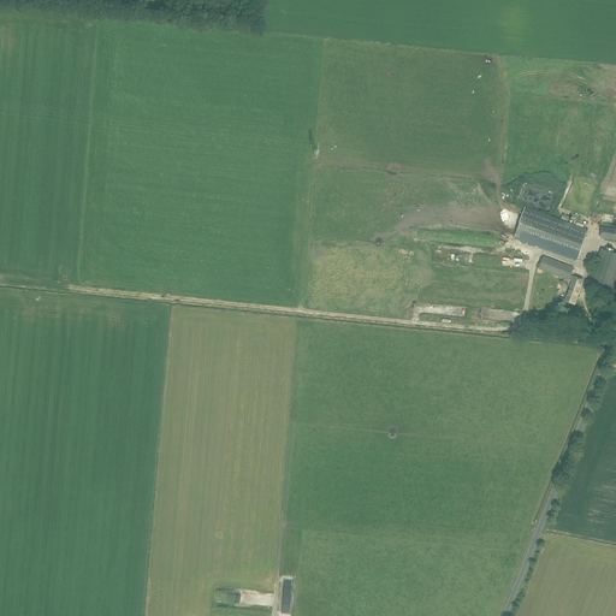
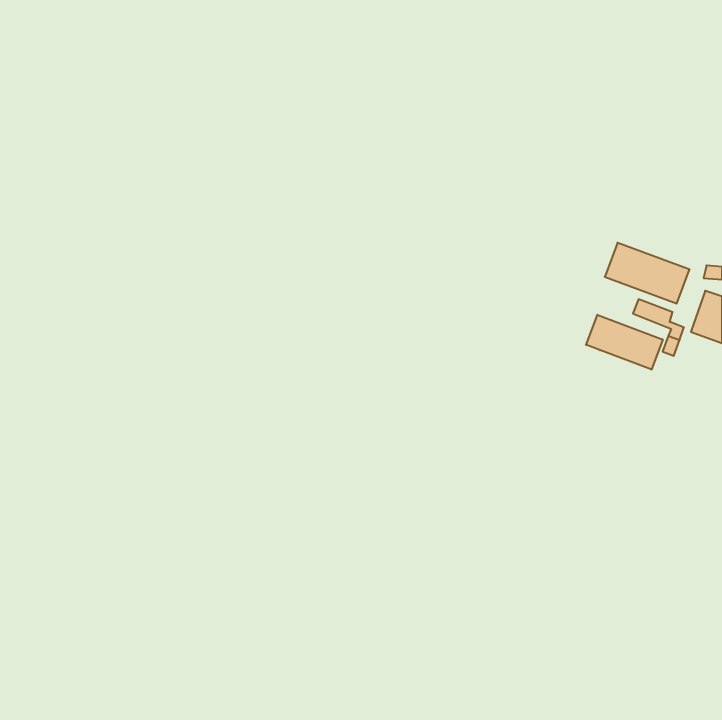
building: none -> [586,315,663,370]

